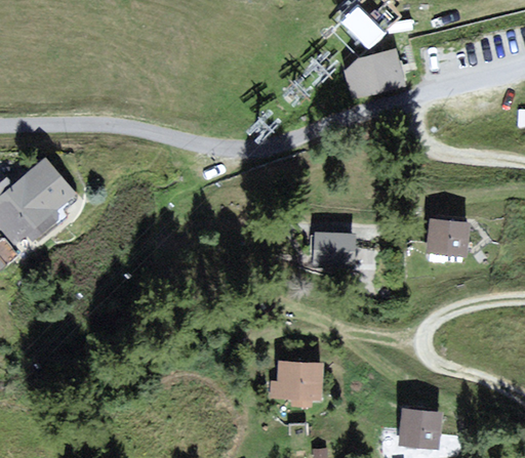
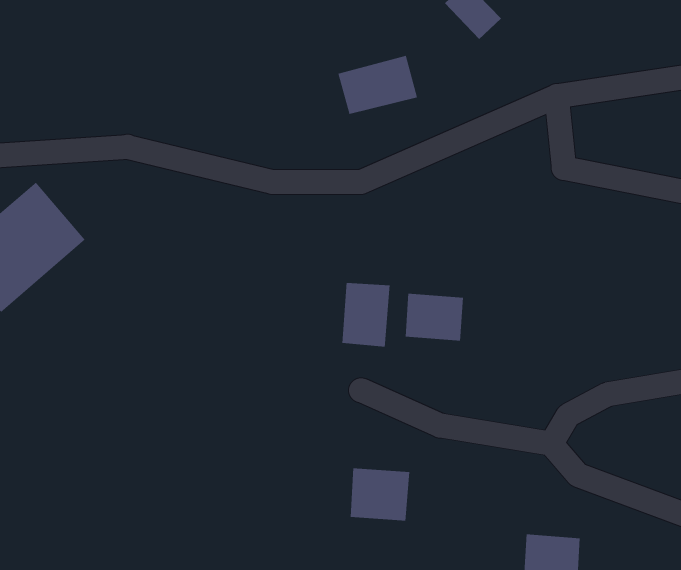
building: [339,53,398,96] -> [337,55,418,114]
building: [427,220,469,256] -> none
building: none -> [342,282,390,347]

